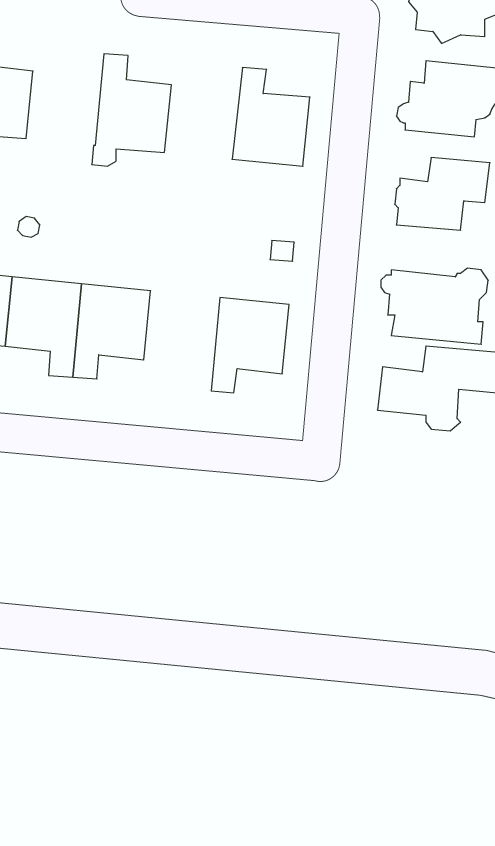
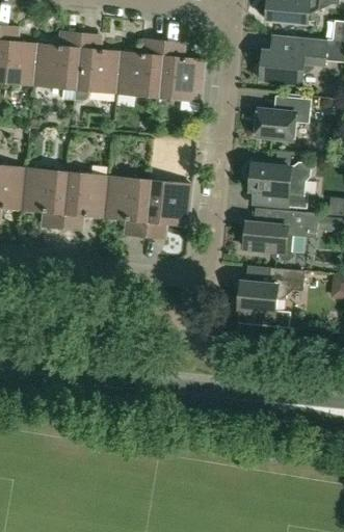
building: none -> [32,31,79,100]
building: none -> [115,39,162,97]
building: none -> [103,176,149,236]
building: none -> [238,267,305,327]

